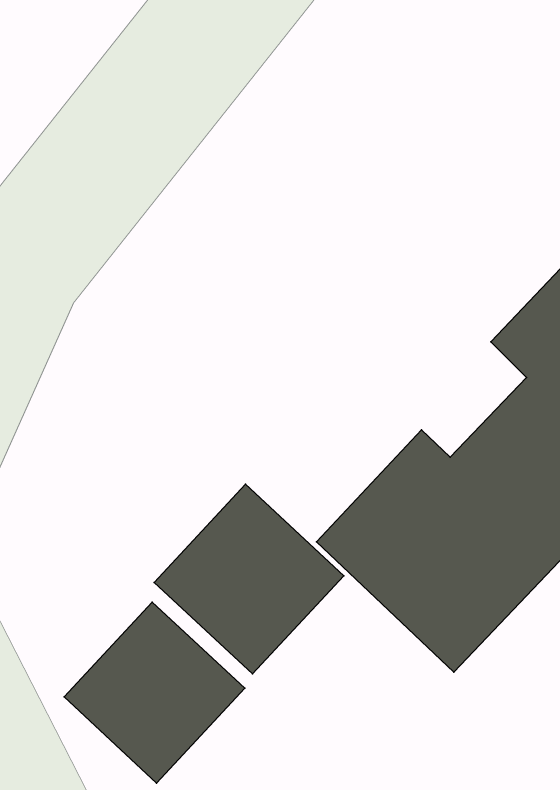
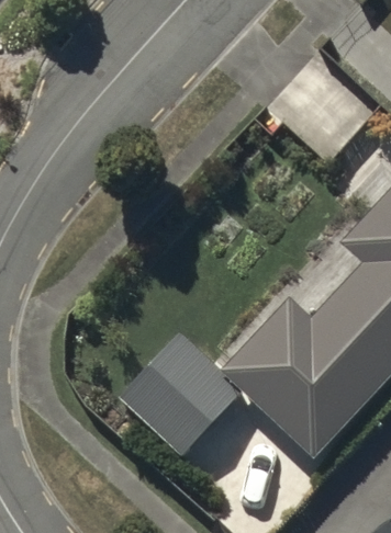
building: [64,602,245,783] -> none

